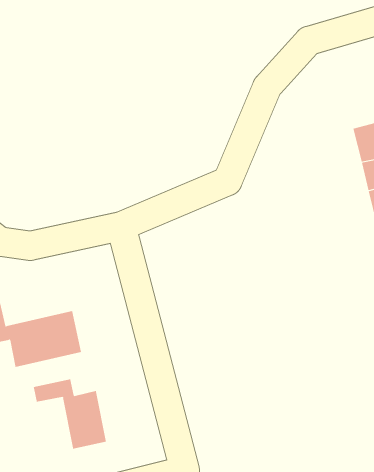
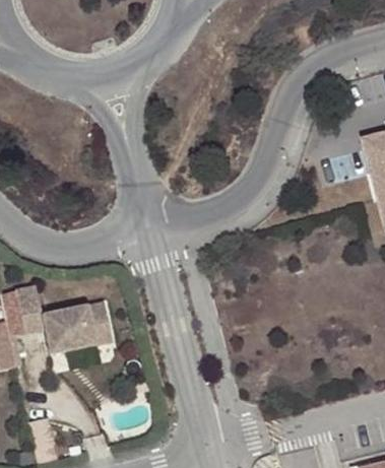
building: [33,379,107,449] -> none

